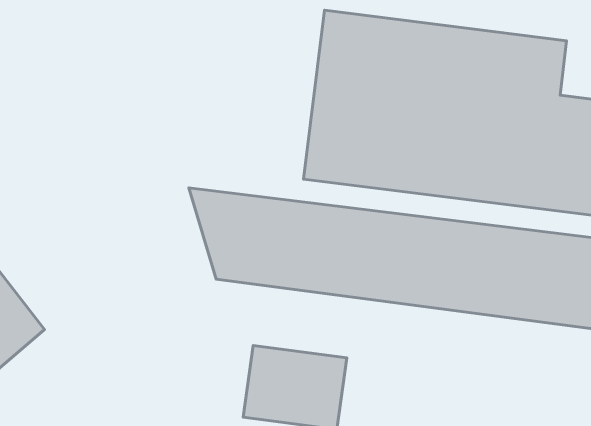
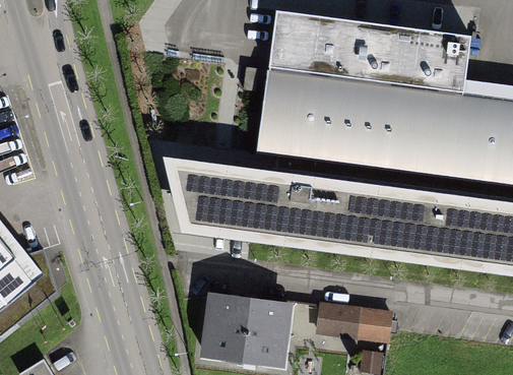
building: none -> [322,302,394,334]

